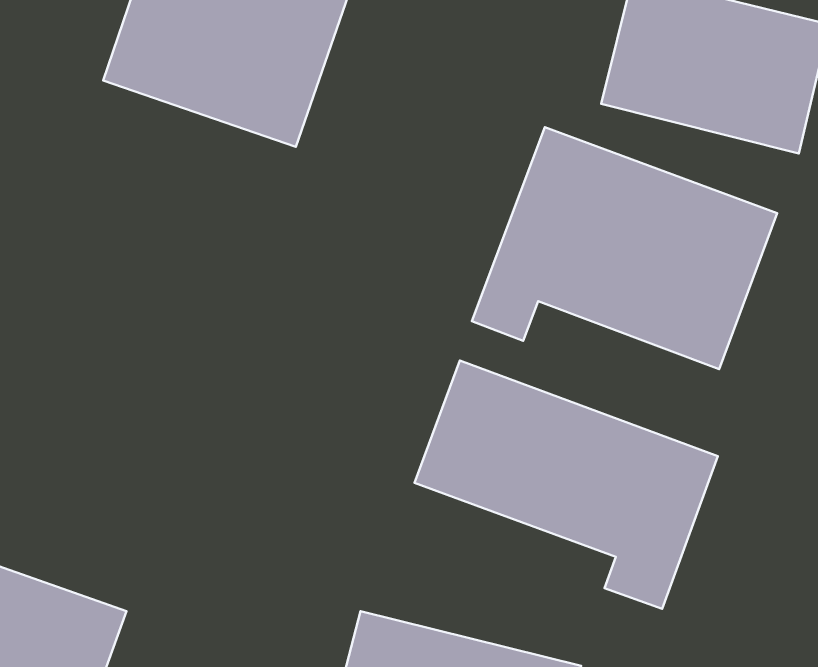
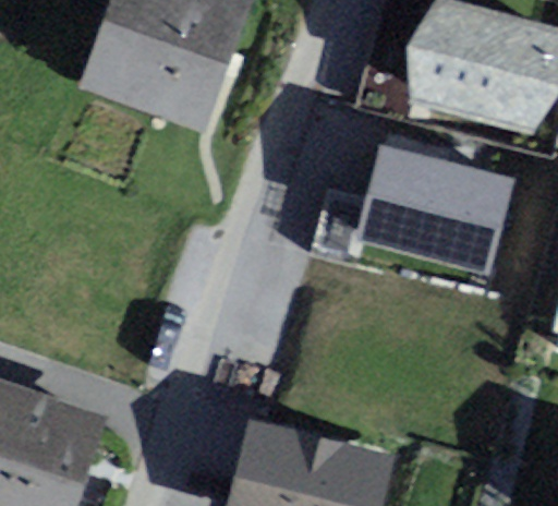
building: [414,361,718,609] -> none

